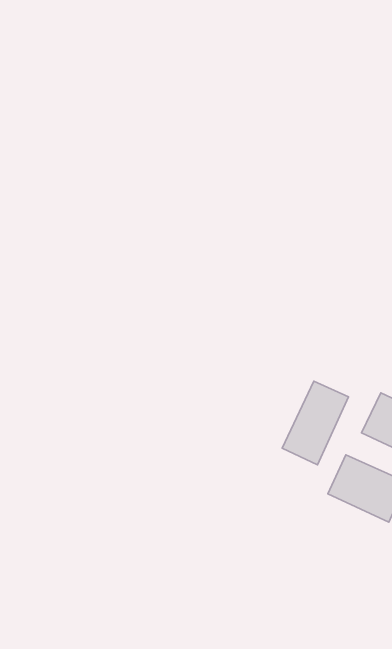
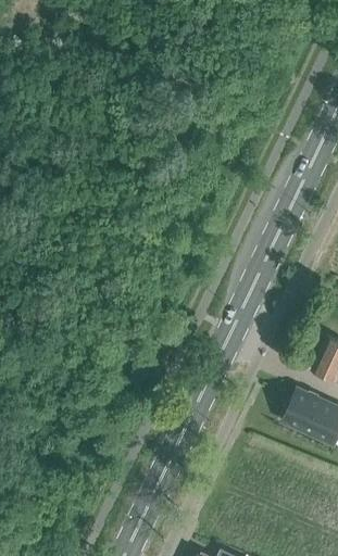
building: [282,381,348,465] -> none

